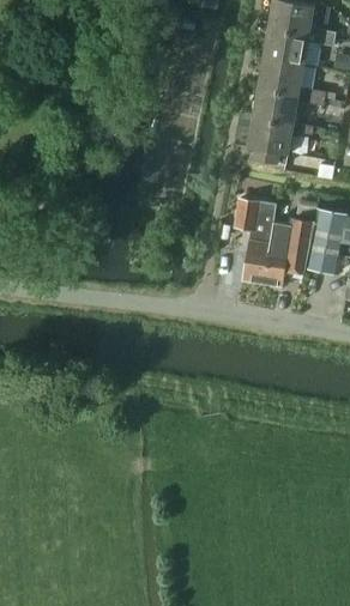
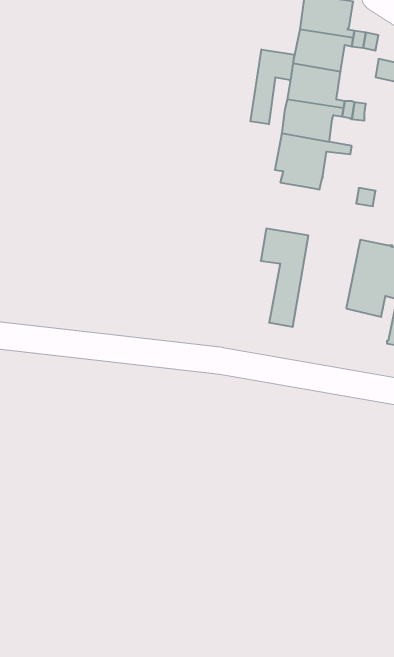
building: none -> [250,49,294,124]
building: [262,205,313,286] -> none

